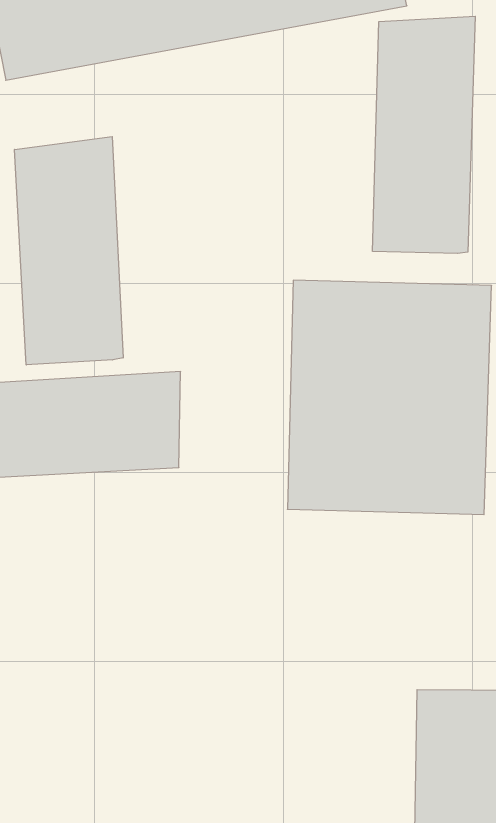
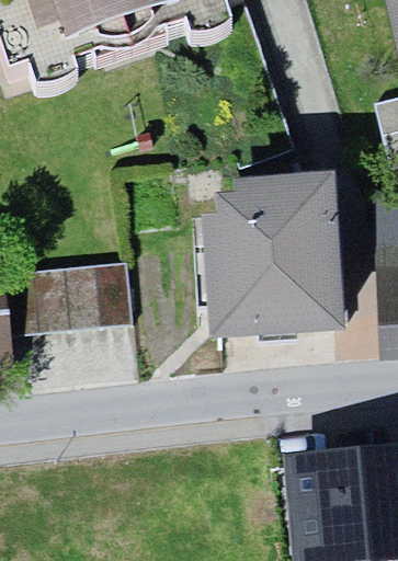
building: [373,16,475,253] -> none
building: [15,137,123,365] -> none

